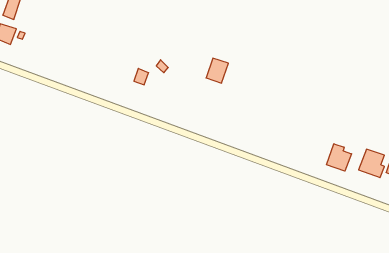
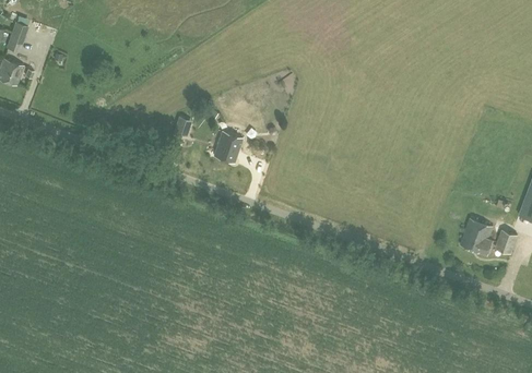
building: [206,58,228,83] -> [213,131,241,163]
building: [326,144,352,171] -> none

